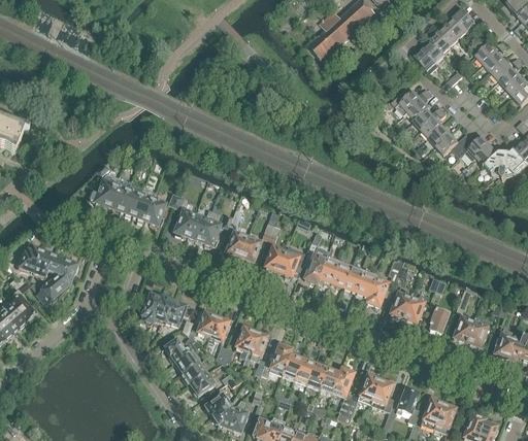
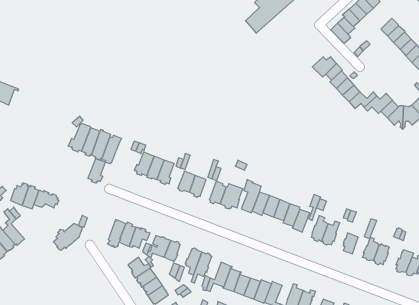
building: [143,197,165,227] -> [88,159,105,183]
building: [36,271,72,304] -> [53,224,83,250]

